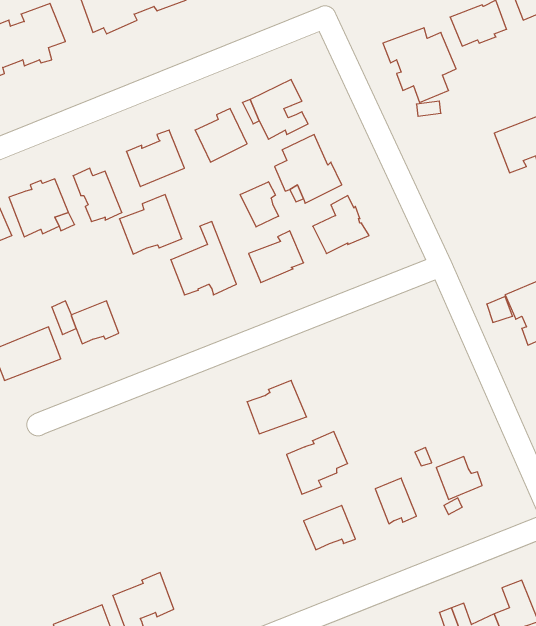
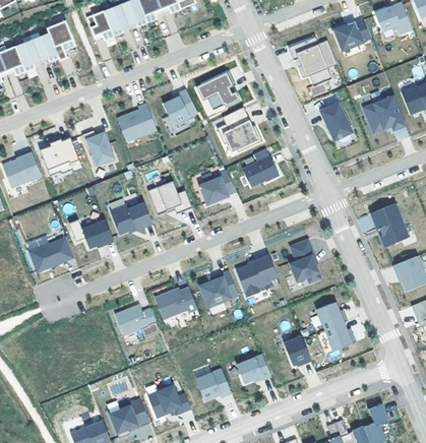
building: none -> [319,103,351,141]
building: [240,182,279,227] -> none
building: [119,195,182,254] -> [110,194,151,234]
building: none -> [289,240,320,282]
building: none -> [154,288,196,319]
building: none -> [316,301,347,329]
building: none -> [114,304,160,337]
building: [287,432,348,494] -> [236,255,277,297]
building: none -> [196,370,231,401]
building: none -> [147,388,191,422]

